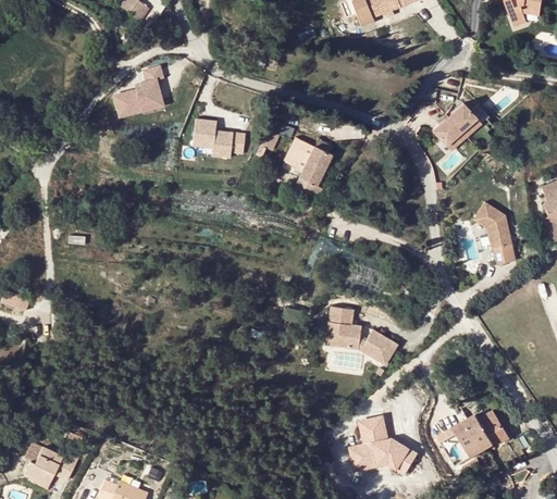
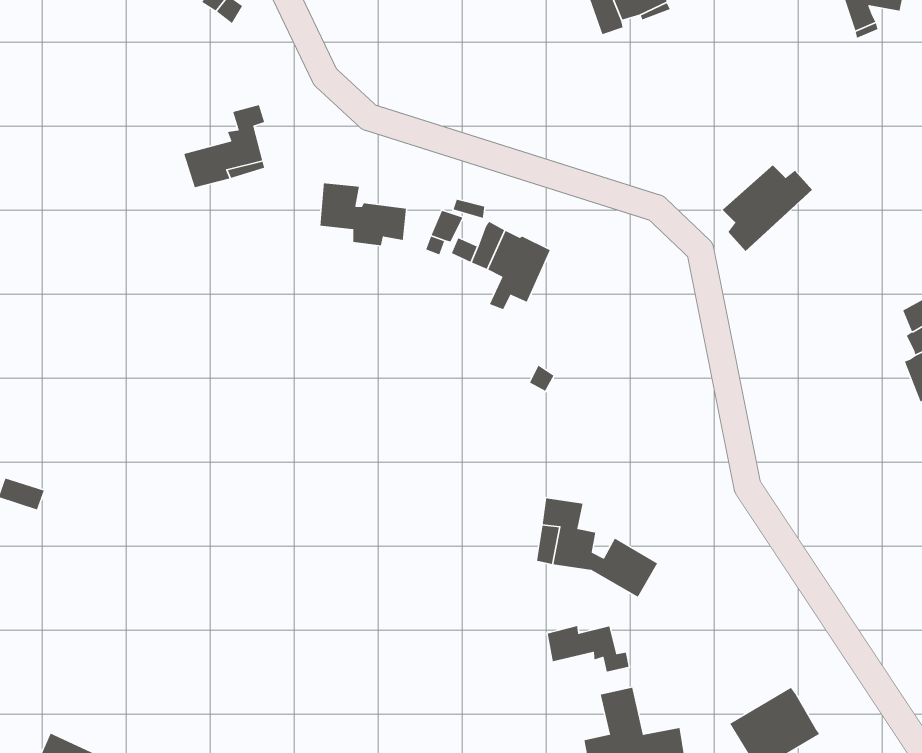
building: [475,202,518,265] -> none
building: none -> [547,625,629,673]
building: [479,411,509,445] -> none

